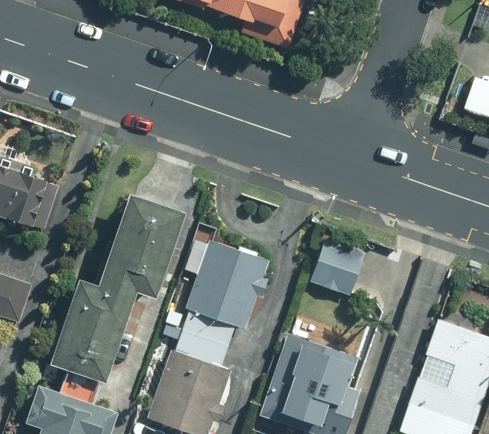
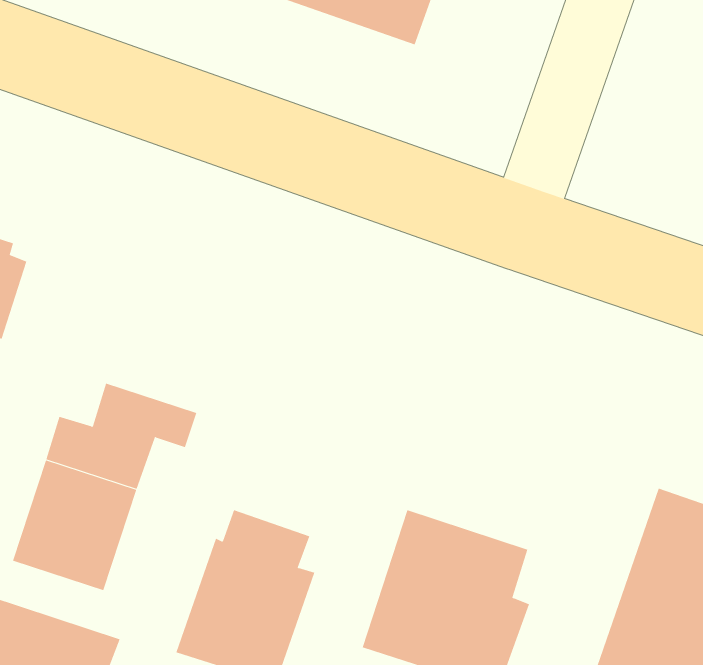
building: [106,191,182,274] -> none
building: [310,237,368,296] -> none
building: [183,238,271,348] -> none

